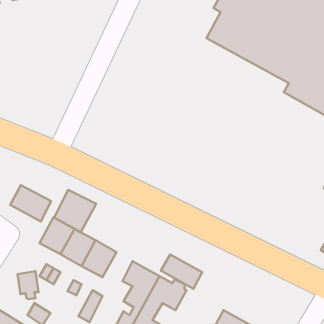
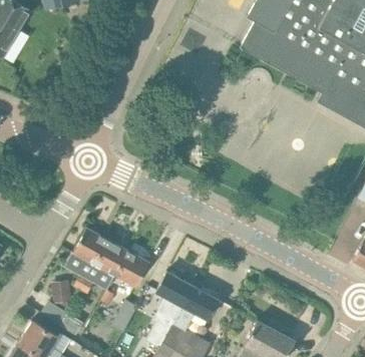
building: [10,185,51,221] -> none
building: [54,190,96,232] -> none
building: [161,255,202,289] -> none

